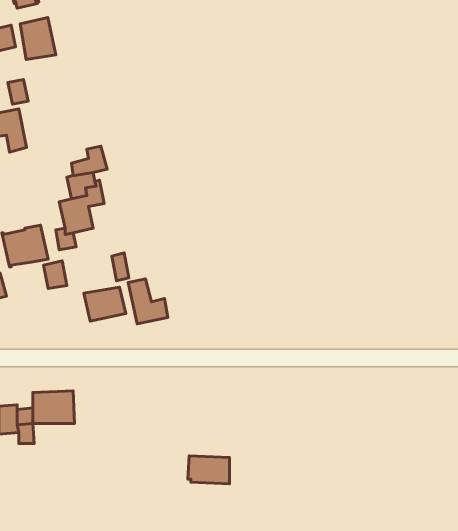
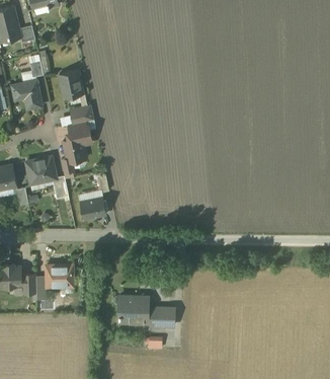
building: [20,18,56,59] -> [59,70,82,97]
building: [128,279,168,324] -> none
building: none -> [117,295,148,322]

